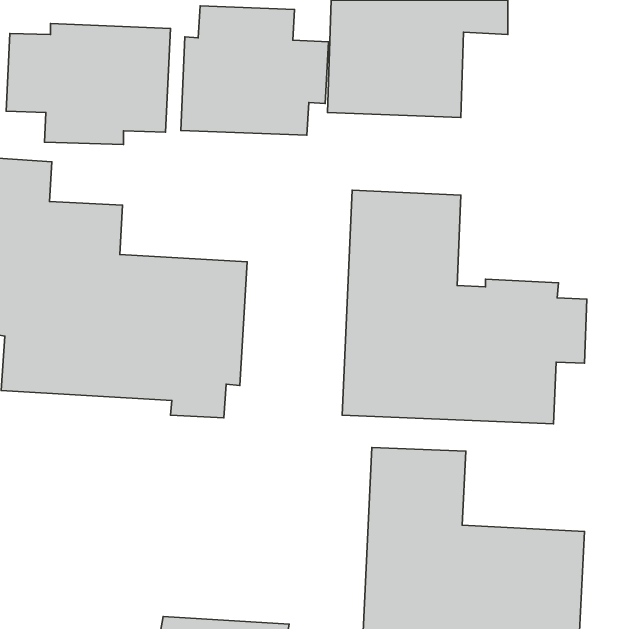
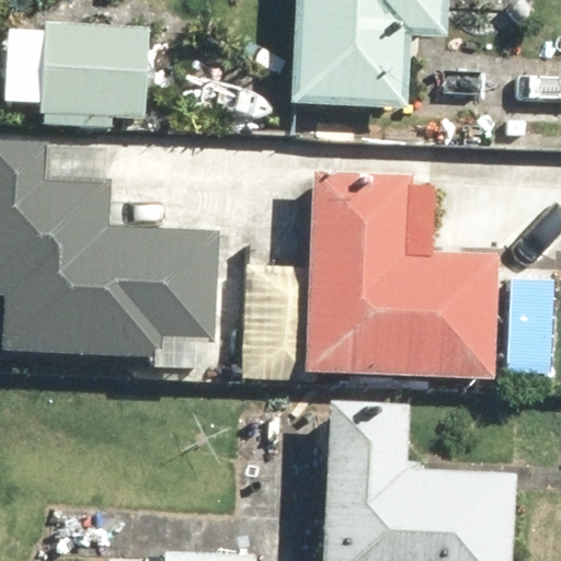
building: [181,6,329,135] -> none

